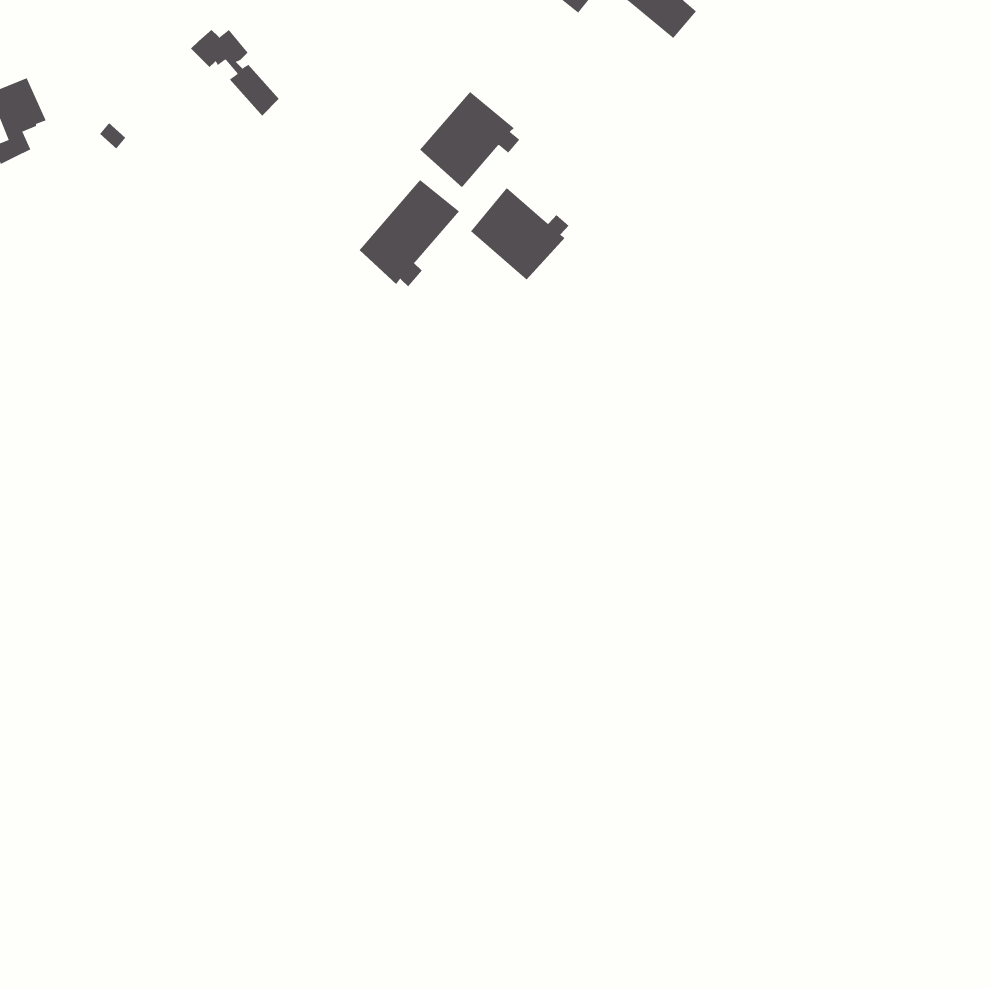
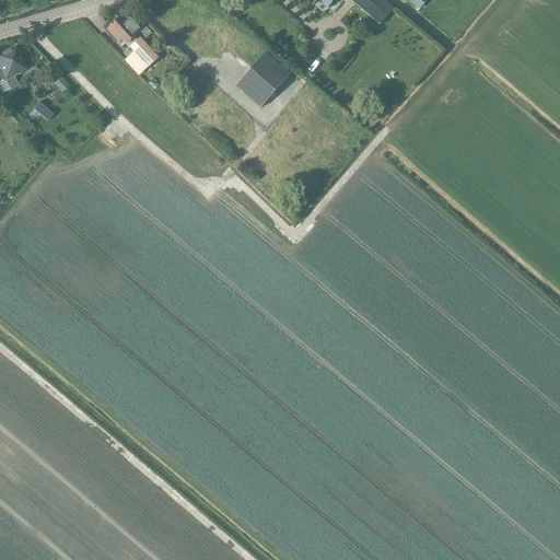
building: [359,179,460,287] -> none
building: [470,187,570,280] -> none

